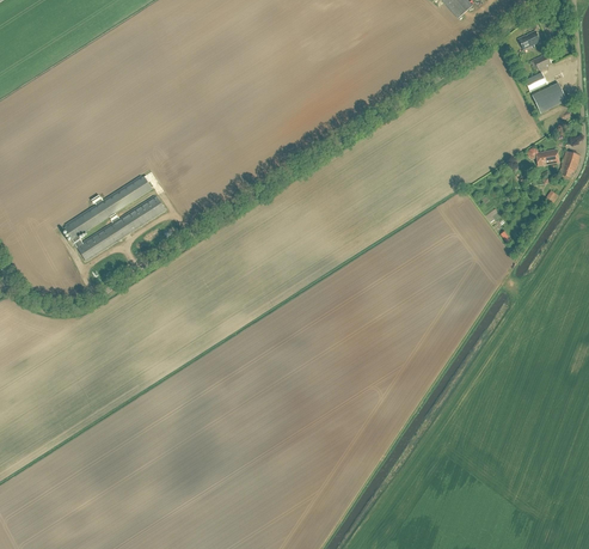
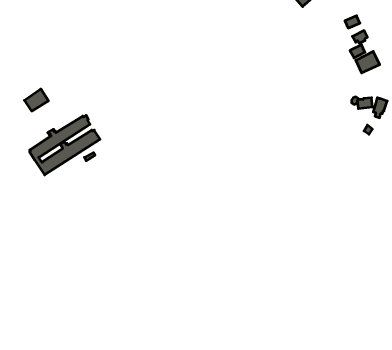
building: none -> [24,89,48,111]

